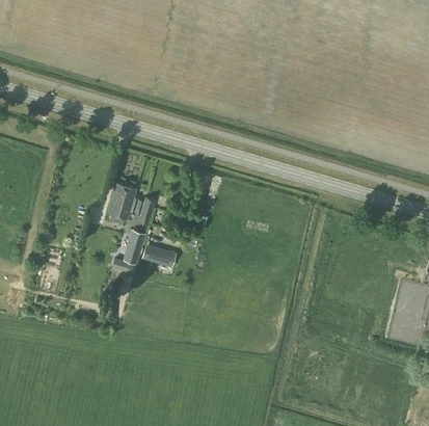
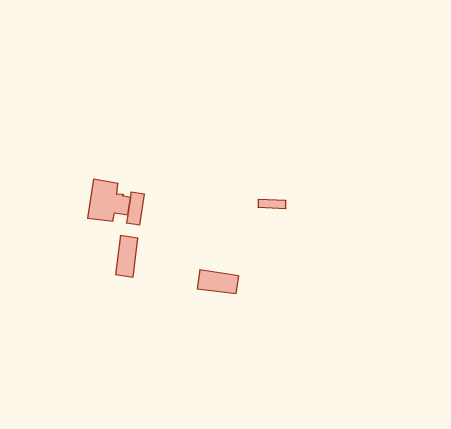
building: [141,245,176,268] -> [197,270,239,293]

